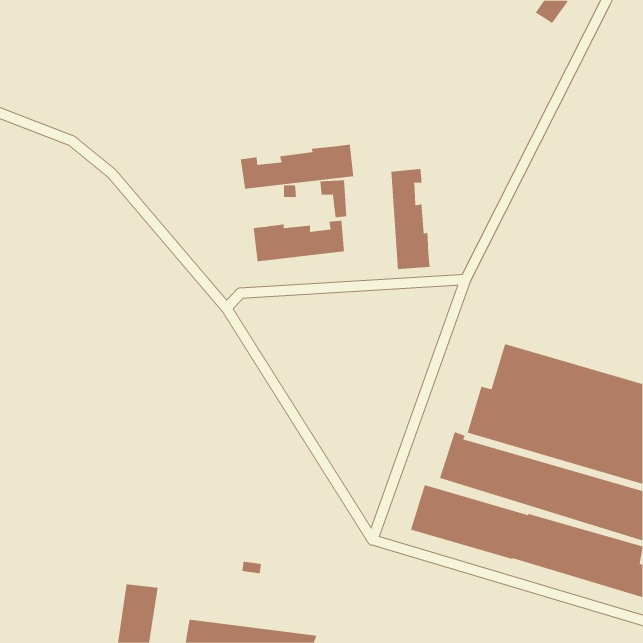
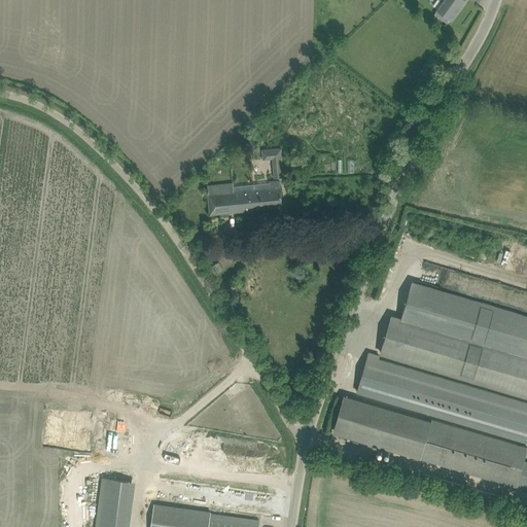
building: [240,144,354,189] -> none
building: [391,168,430,270] -> none

